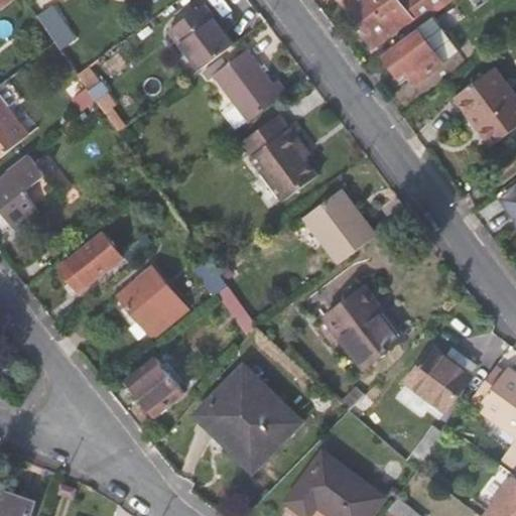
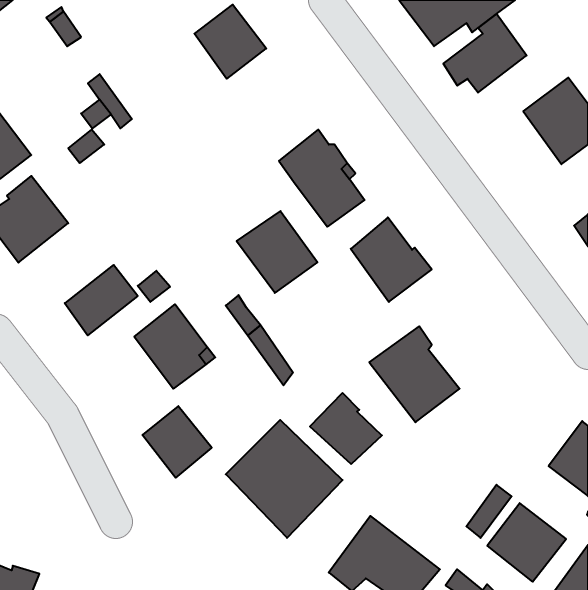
building: [215,50,286,121] -> none
building: none -> [237,211,317,293]
building: none -> [310,393,382,464]
building: [405,344,474,412] -> [487,503,566,582]

